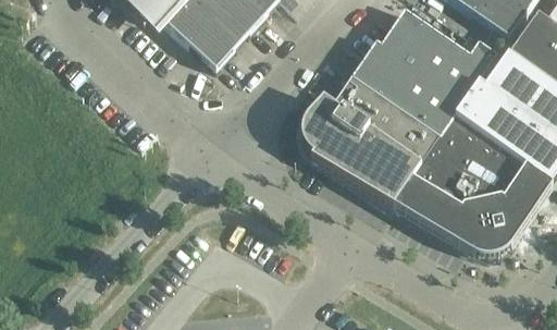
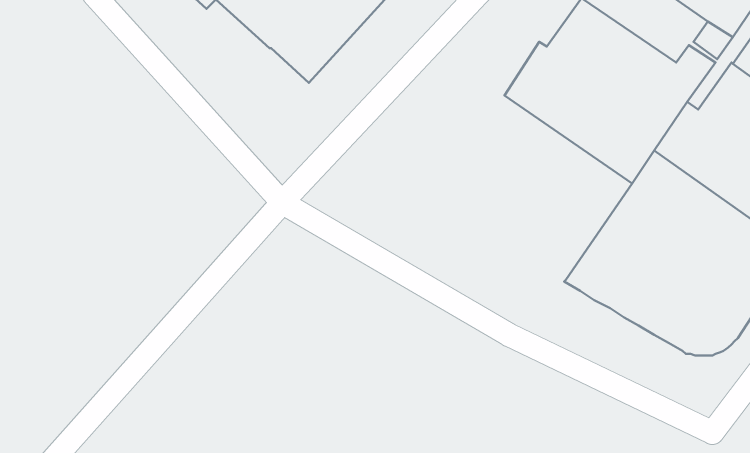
building: [301,76,440,205] -> none

